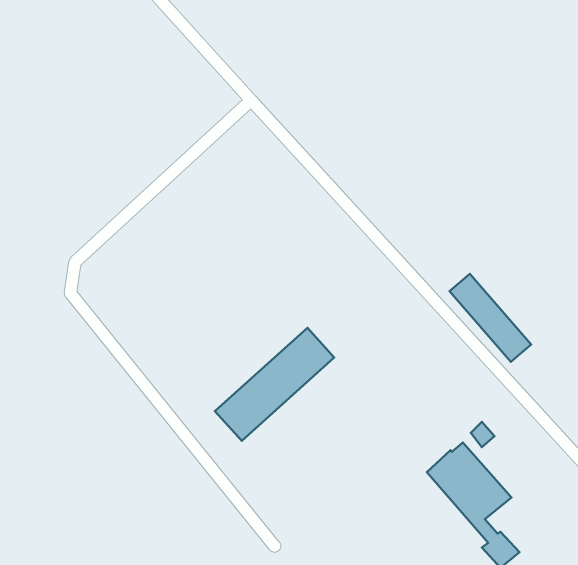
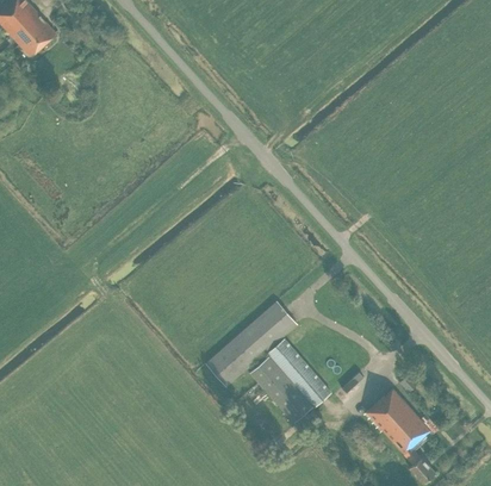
building: [450,274,531,362] -> [267,337,329,404]
building: none -> [249,357,309,422]

